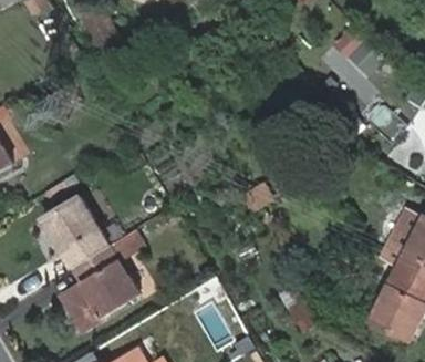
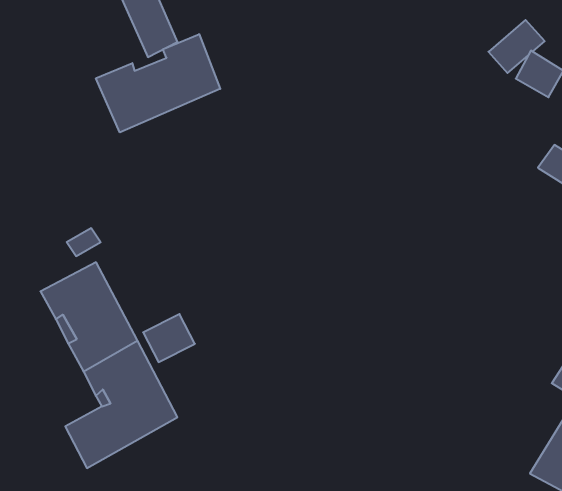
building: none -> [96,34,220,132]

